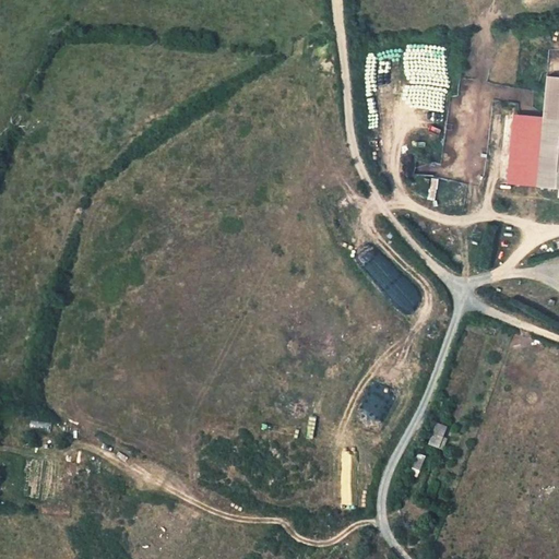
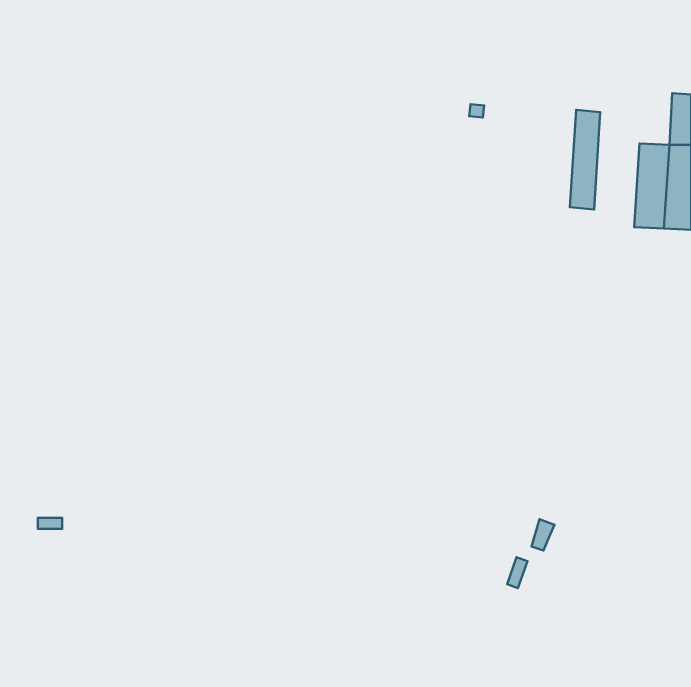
building: none -> [570,110,600,209]

